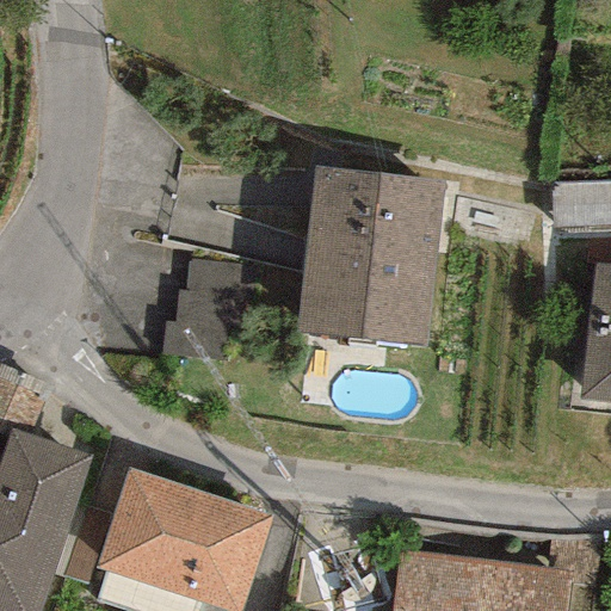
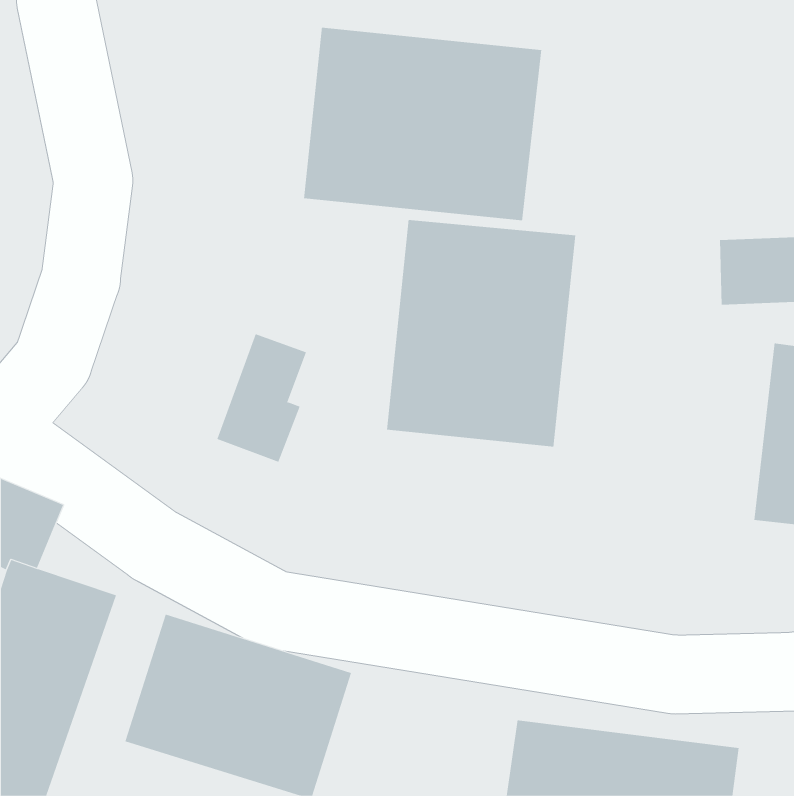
building: none -> [303,27,542,221]

